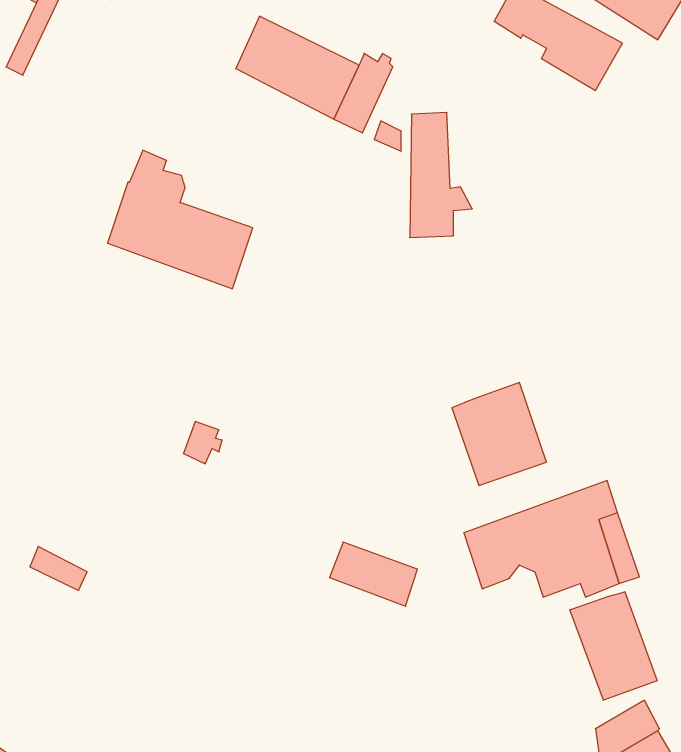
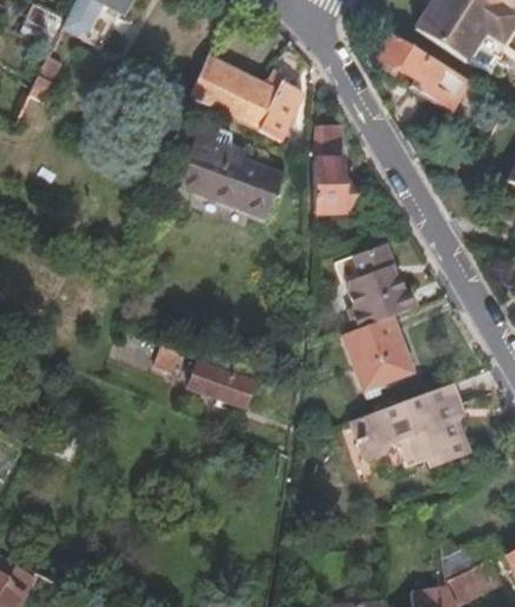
building: [107,150,253,289] -> [177,118,279,215]
building: none -> [349,239,419,328]
building: [330,542,417,606] -> [191,362,253,407]
building: [570,592,657,700] -> none

